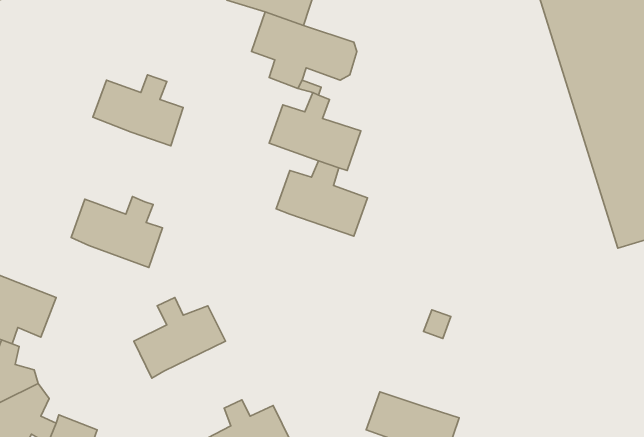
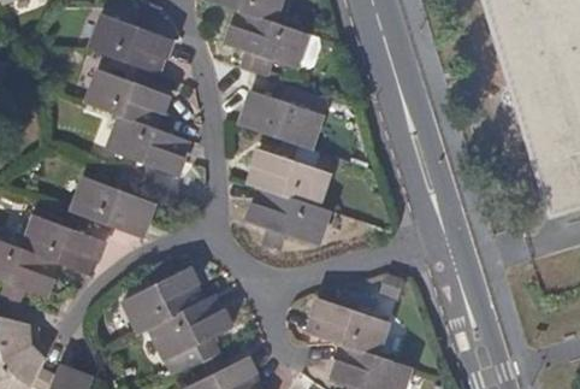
building: none -> [90,8,171,73]
building: none -> [110,117,190,184]
building: none -> [249,189,330,253]
building: none -> [22,210,102,275]
building: none -> [308,291,387,358]
building: none -> [150,295,231,360]

